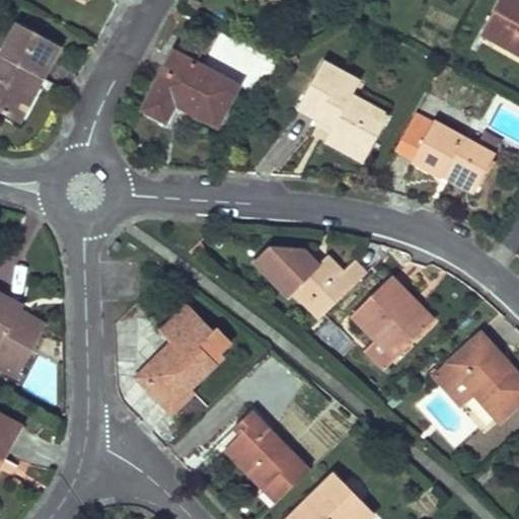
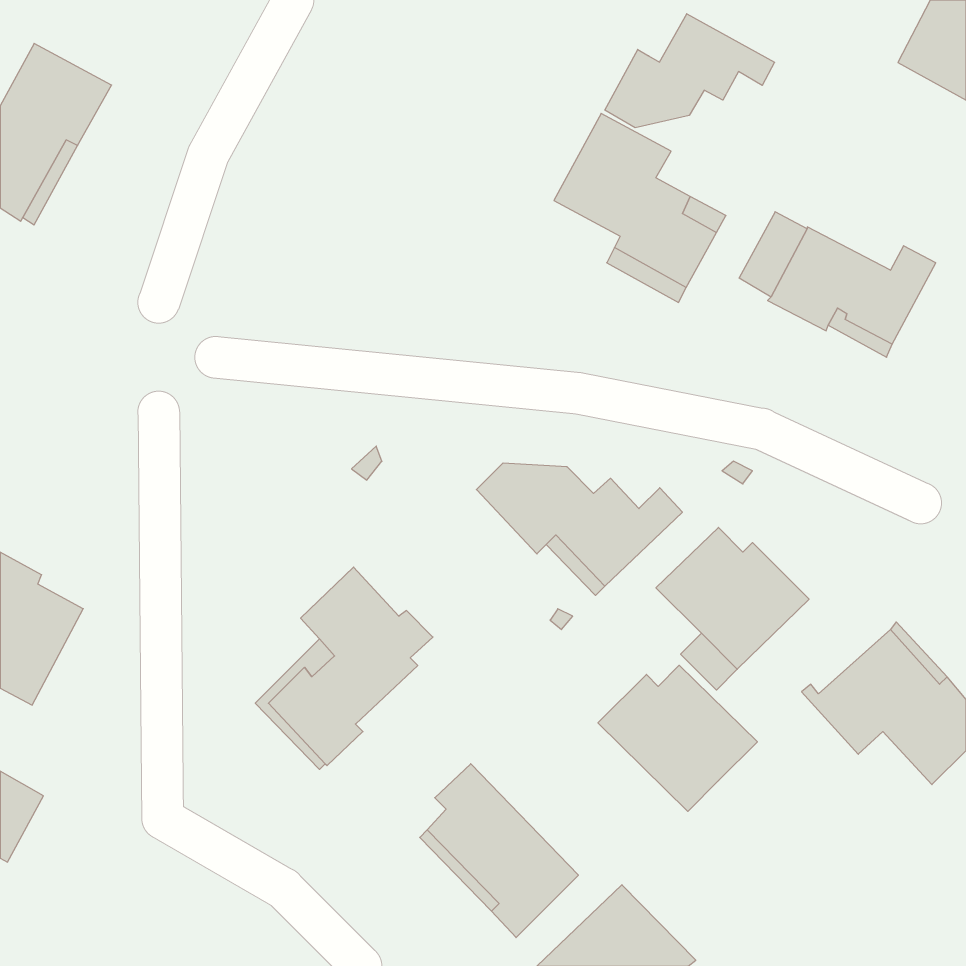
building: none -> [605,14,775,128]
building: [144,52,238,126] -> none
building: none -> [598,665,757,811]

